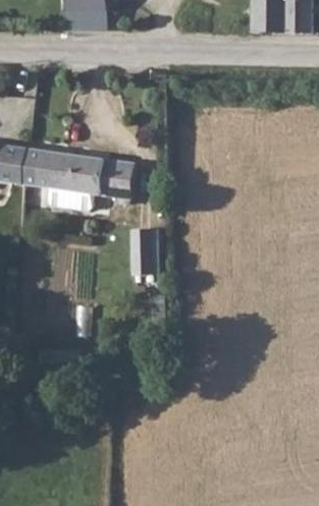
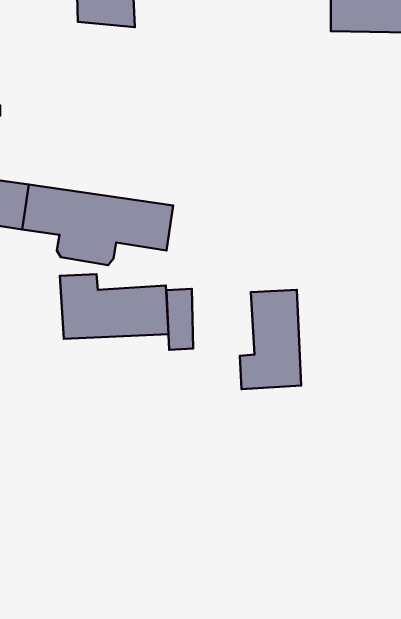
building: none -> [60,274,169,339]
building: none -> [240,290,301,389]

